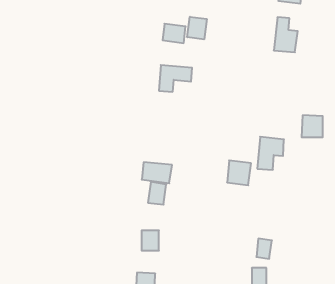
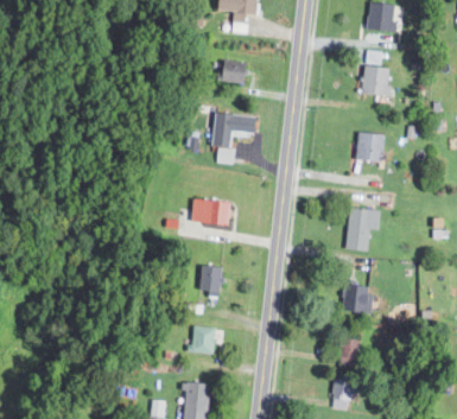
building: [187,17,207,39] -> none
building: [302,115,323,137] -> [356,133,383,161]
building: [227,160,251,185] -> [342,281,373,313]
building: [142,162,172,183] -> [191,198,230,226]

